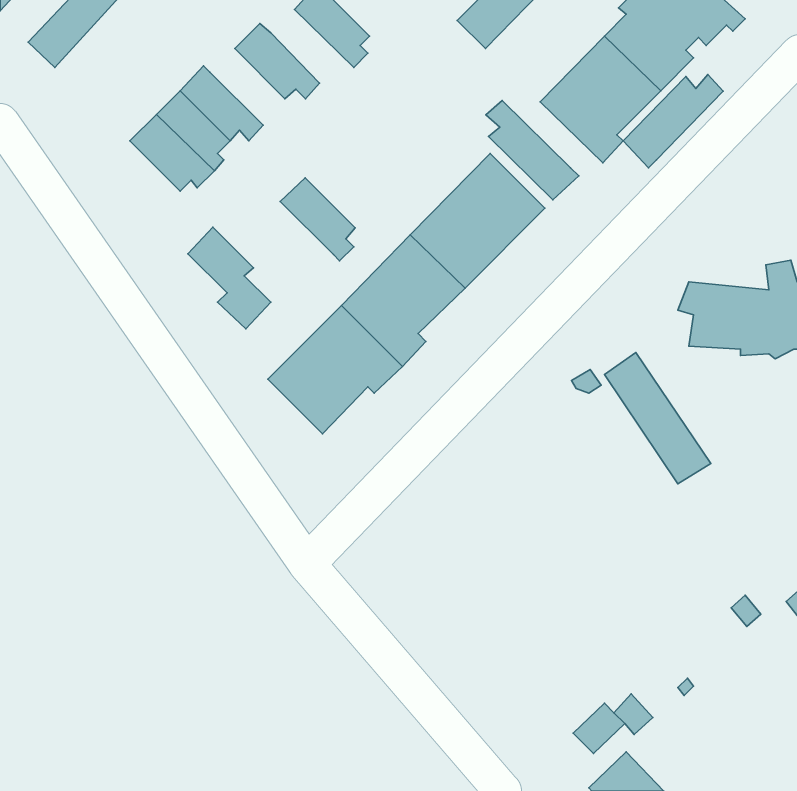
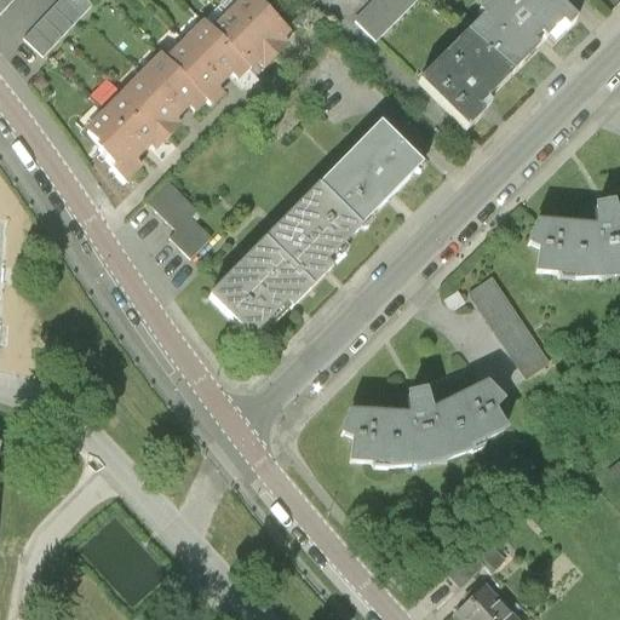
building: none -> [212,7,276,64]
building: [623,75,723,168] -> none
building: [486,100,579,200] -> none
building: none -> [86,109,142,178]
building: [280,178,355,261] -> [165,38,223,102]
building: none -> [341,379,509,466]

